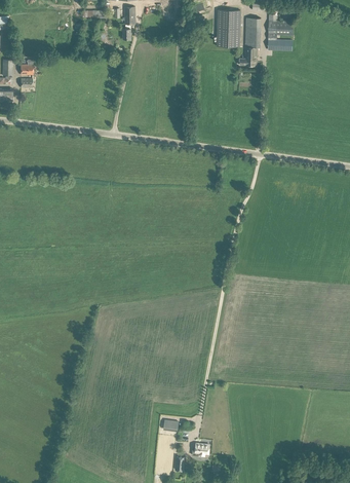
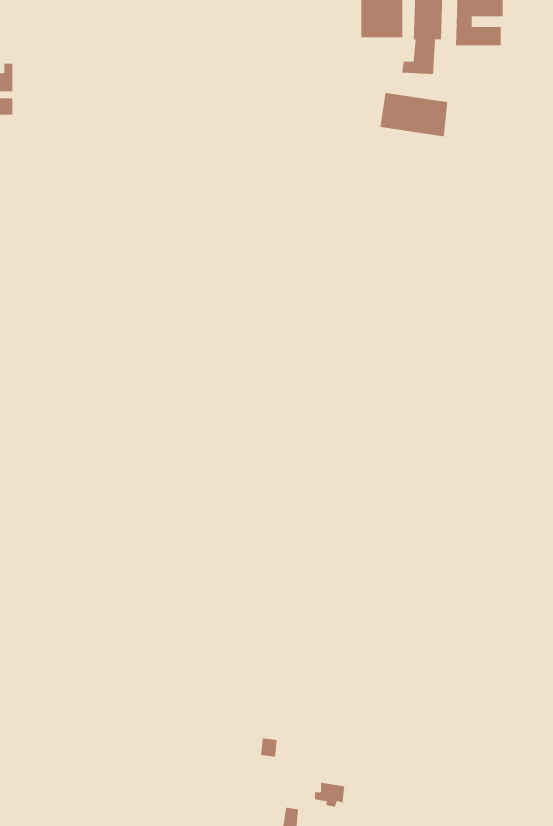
building: none -> [380,92,448,137]

